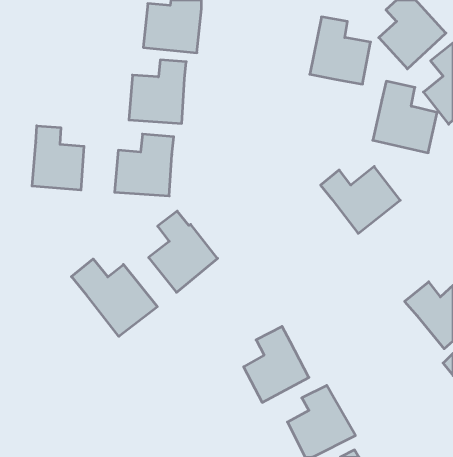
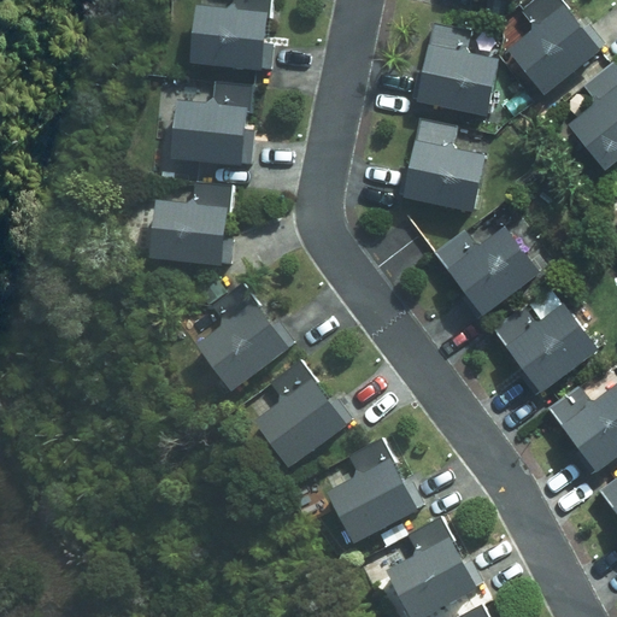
building: [373,81,437,153] -> [401,113,488,210]
building: [32,126,84,190] -> none
building: none -> [489,301,598,392]
building: [71,259,157,336] -> none
building: none -> [258,362,349,469]

